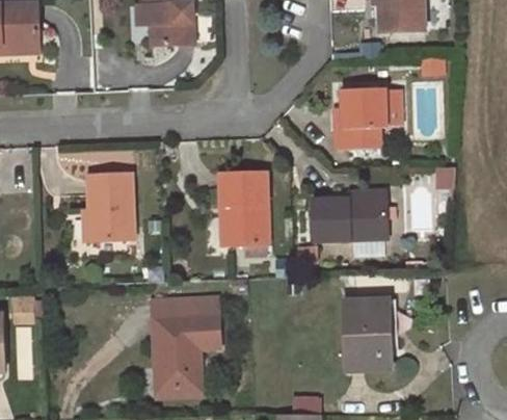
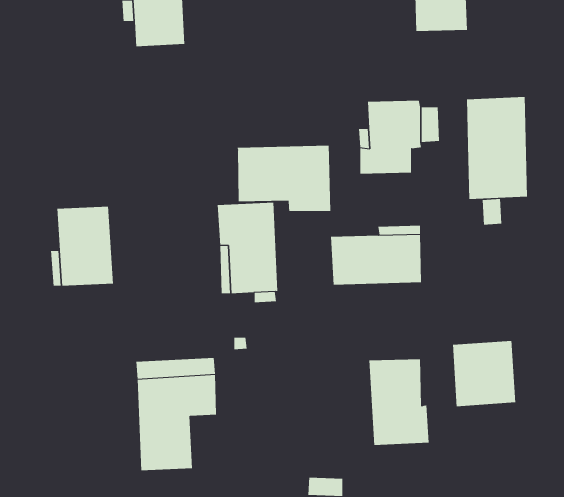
building: none -> [466,96,528,200]
building: none -> [237,145,331,212]
building: none -> [453,340,516,407]

